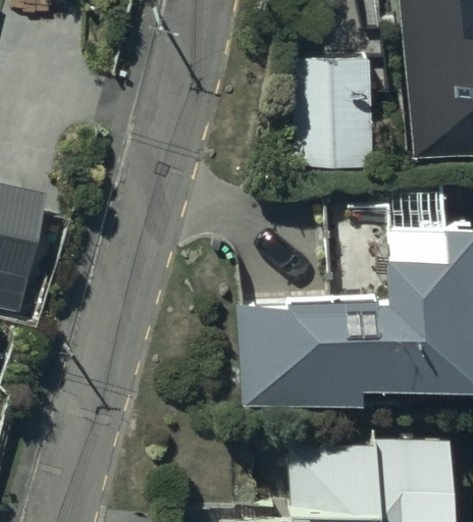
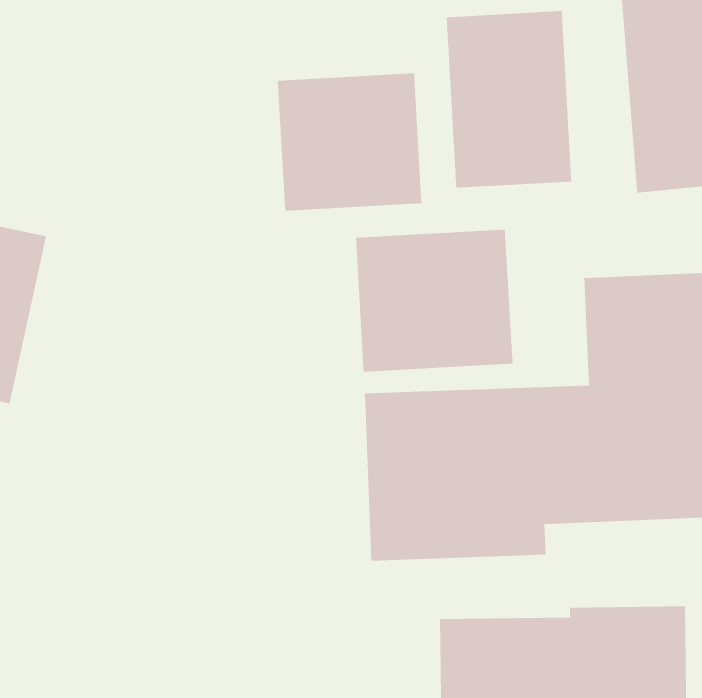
building: none -> [277,72,422,211]
building: none -> [355,229,513,372]

